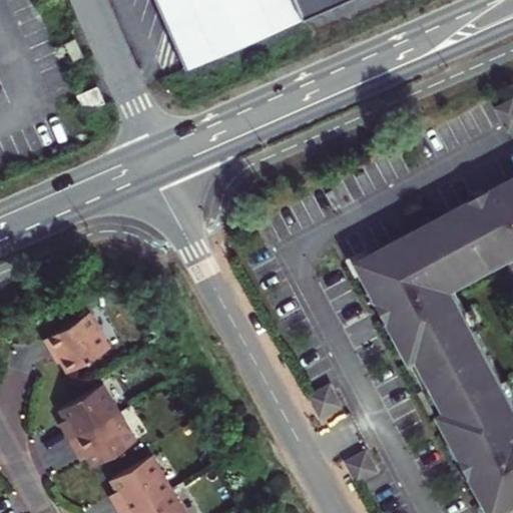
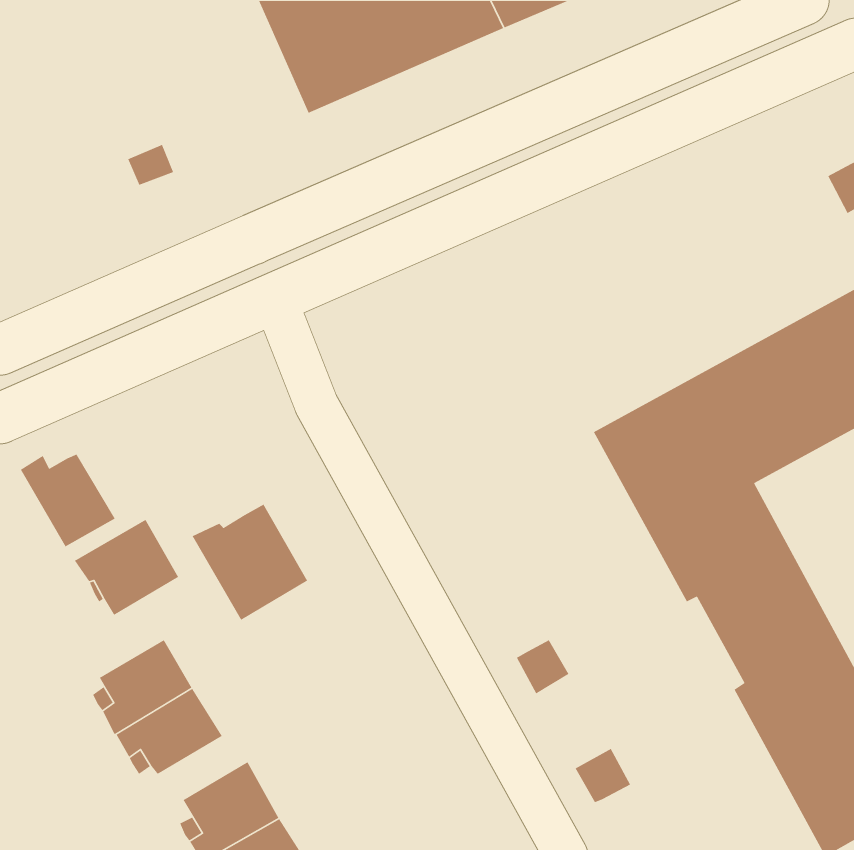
building: none -> [20,454,116,548]
building: none -> [192,503,308,621]

